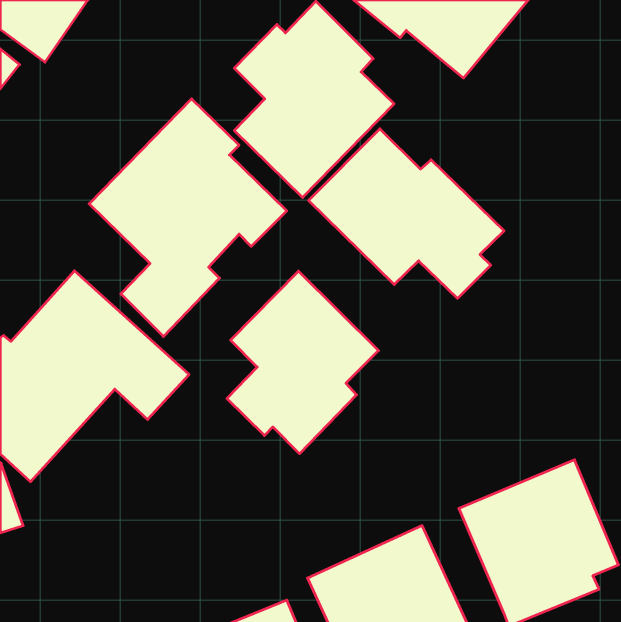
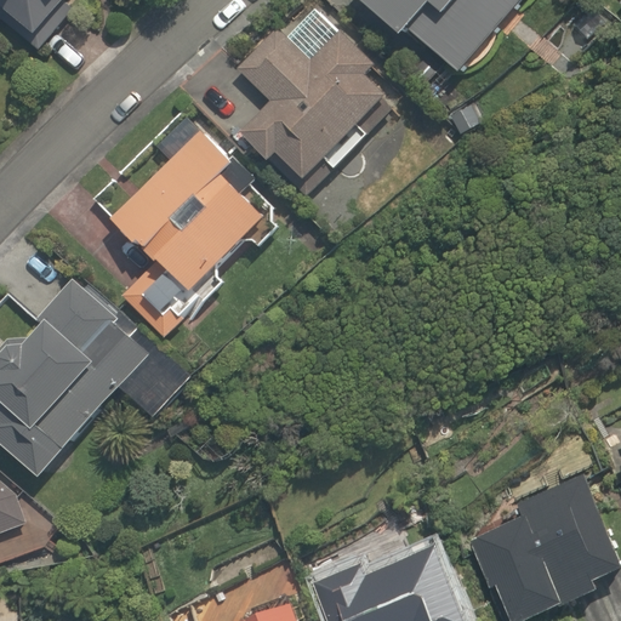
building: [309,129,504,298] -> none
building: [227,271,379,454] -> none

